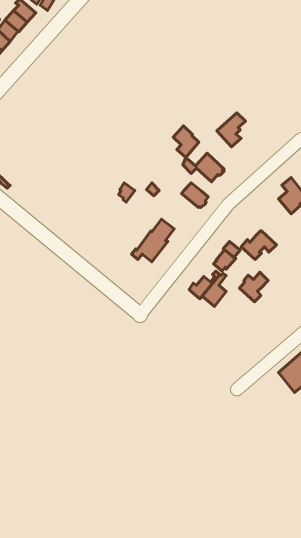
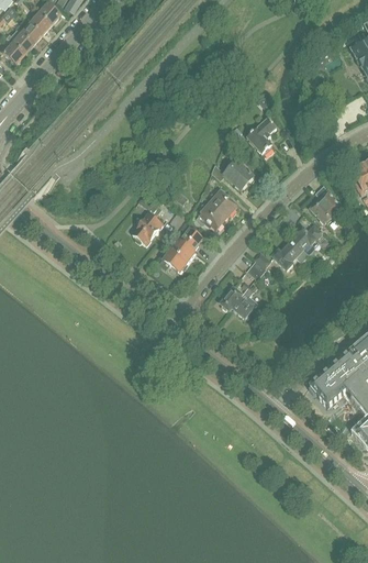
building: [173,126,199,157] -> none
building: none -> [194,200,227,228]
building: none -> [132,211,163,244]
building: [240,272,268,302] -> [292,222,322,253]

